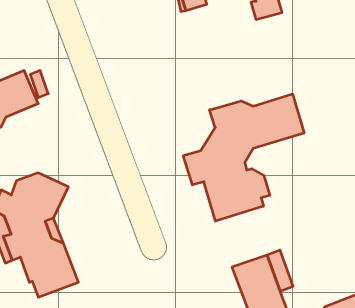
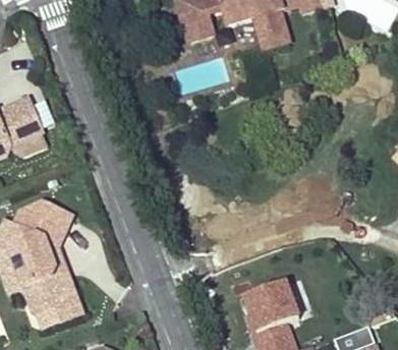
building: [183,94,304,221] -> none

